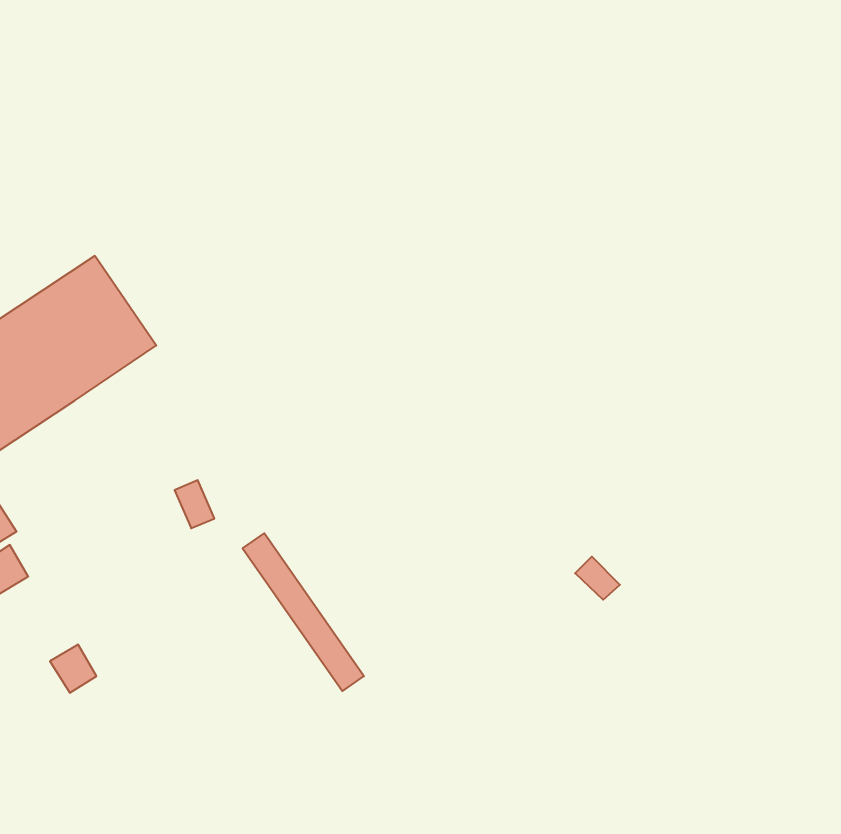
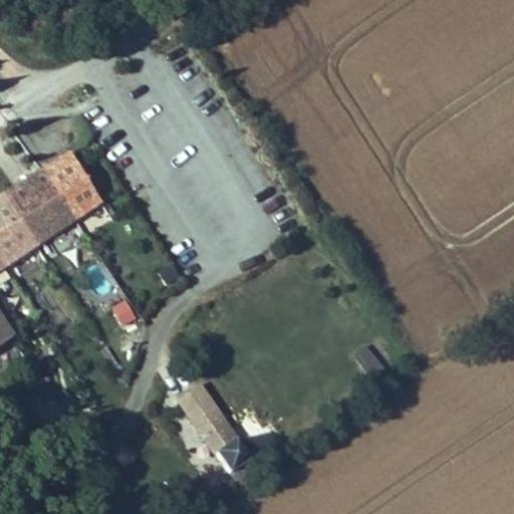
building: none -> [202,421,245,463]

